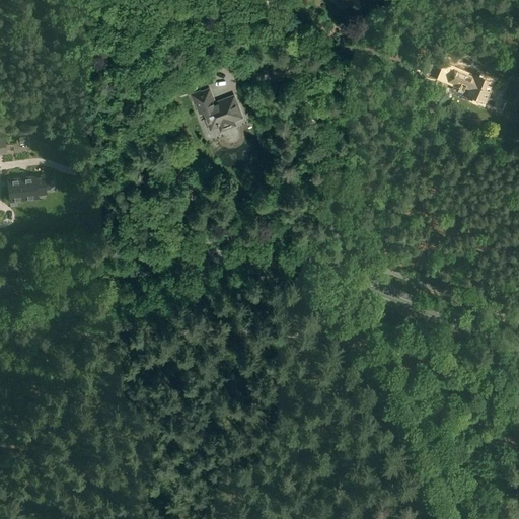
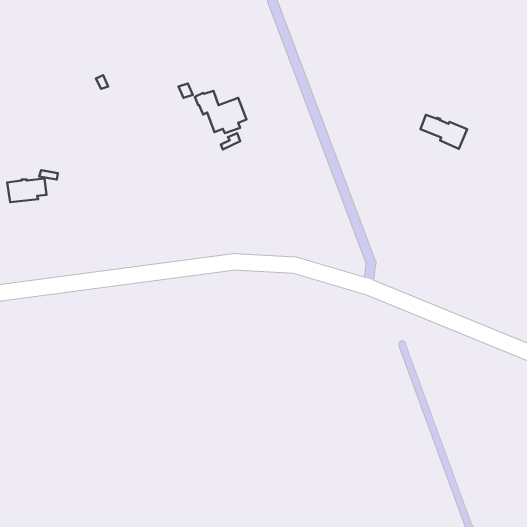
building: [449,68,495,101] -> [421,115,467,149]

